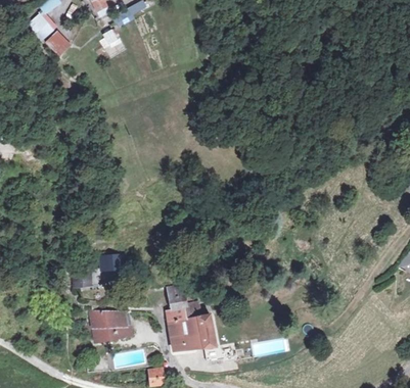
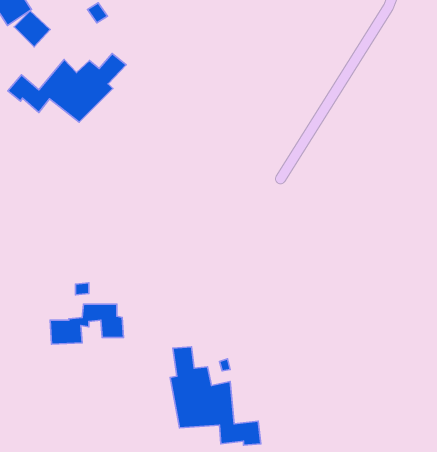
building: none -> [8,54,126,122]
building: [91,312,130,342] -> none

